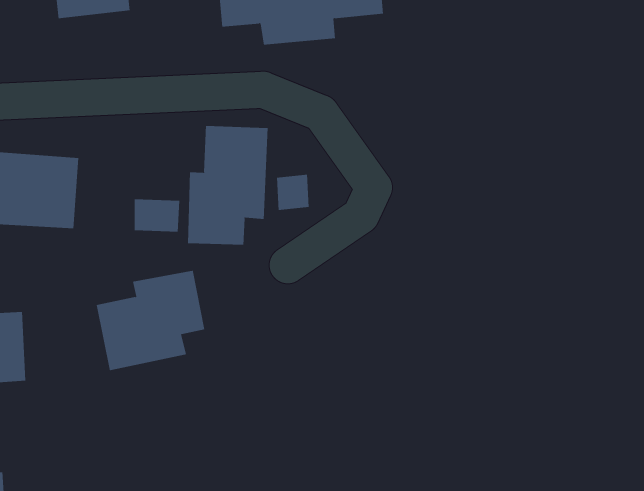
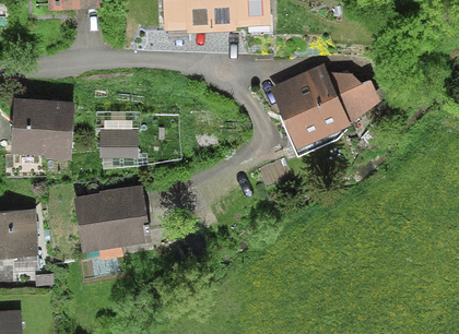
building: none -> [269,65,380,143]
building: [187,125,268,246] -> none

